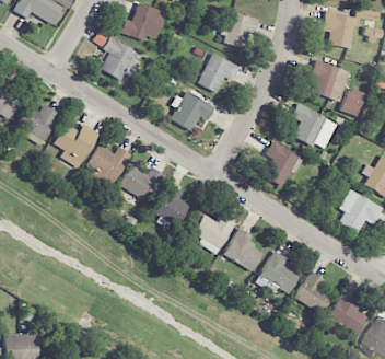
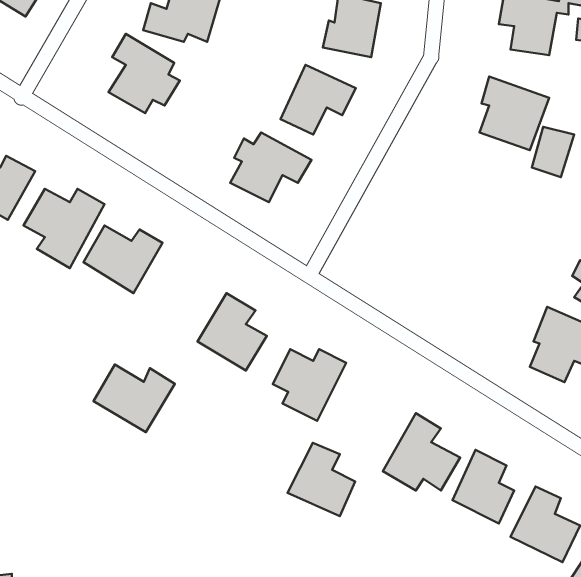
building: [291,104,338,151] -> none
building: [264,141,301,187] -> none
building: [119,165,165,204] -> [94,364,175,432]
building: [224,229,262,270] -> [288,443,355,516]

